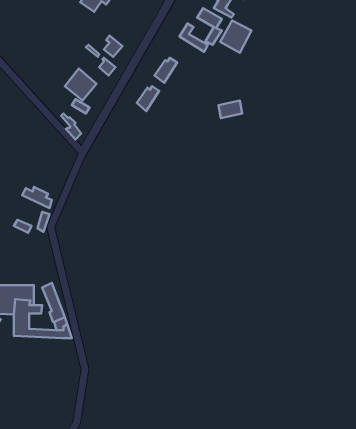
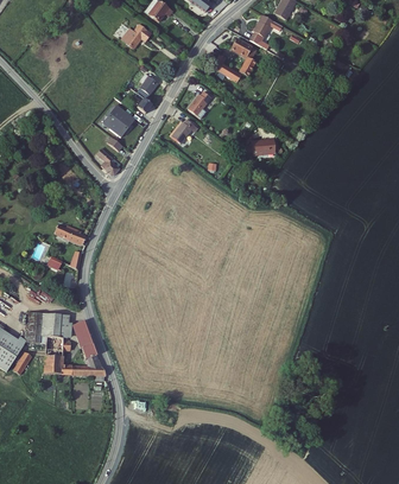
building: [220,21,251,53] -> none

